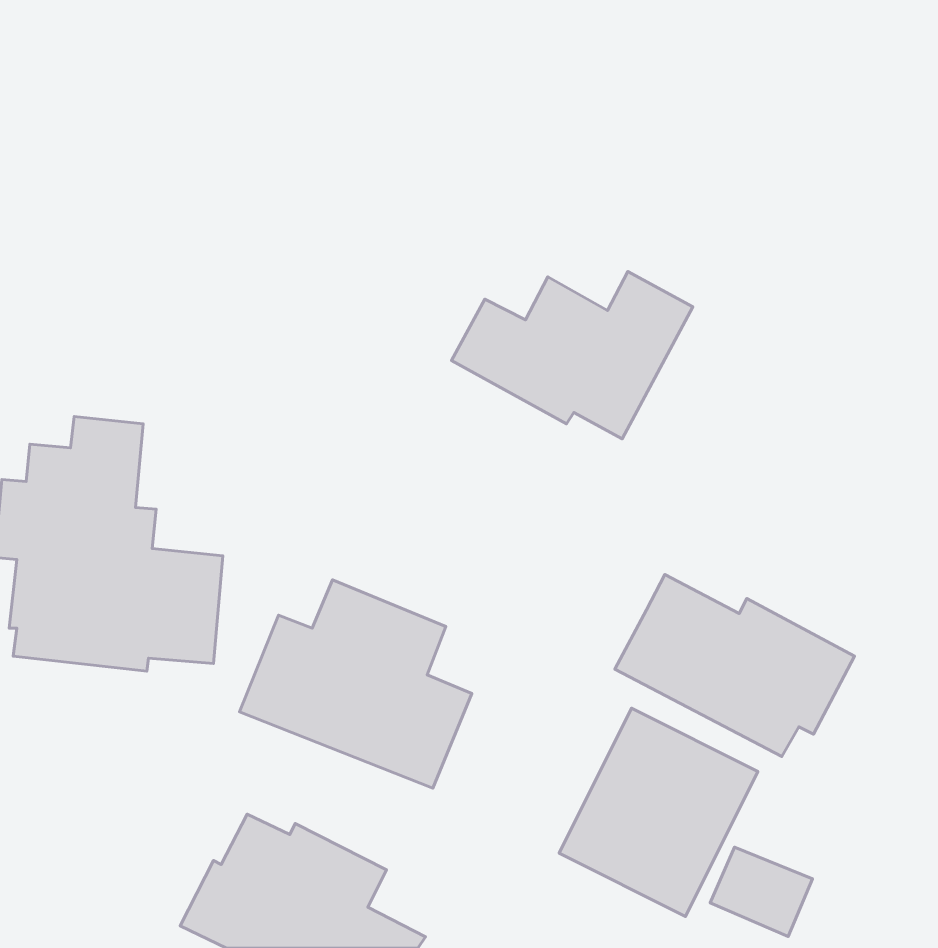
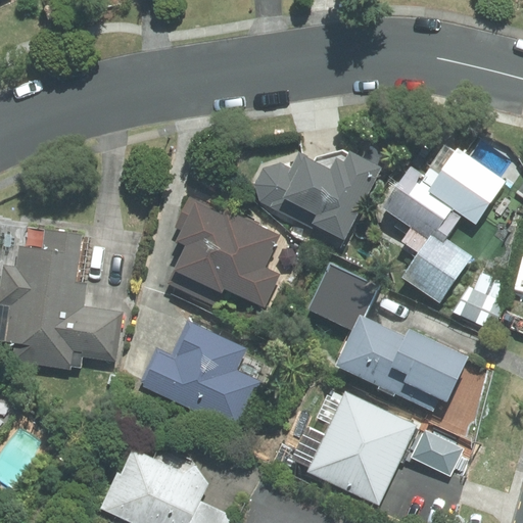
building: none -> [382,147,506,331]
building: none -> [163,199,281,312]
building: none -> [301,259,380,335]
building: [710,847,812,936] -> [409,428,465,477]

